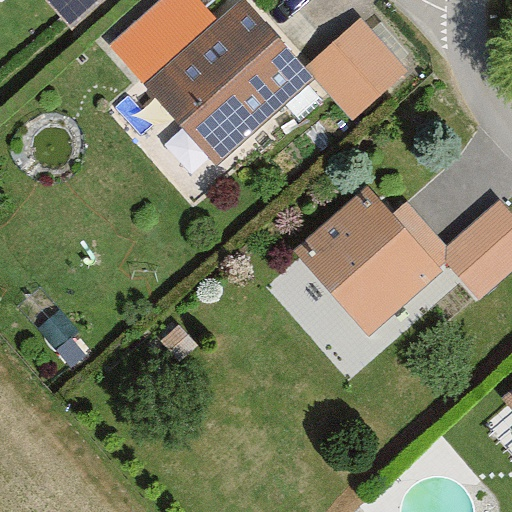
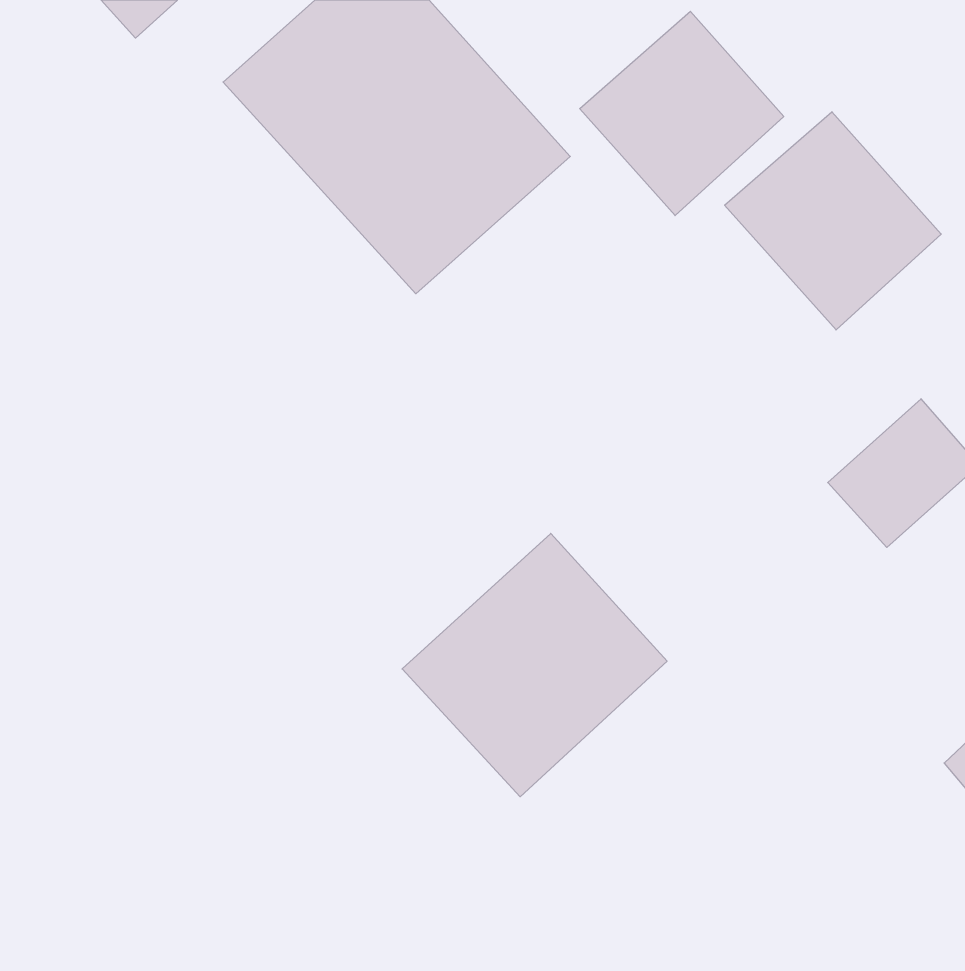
building: none -> [725,112,941,330]
building: [301,199,440,337] -> [402,533,667,797]

